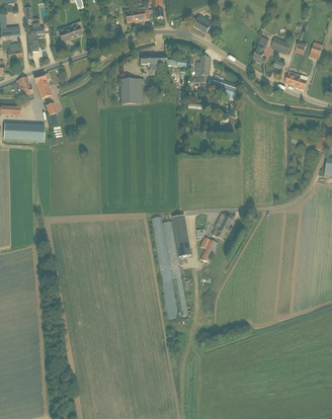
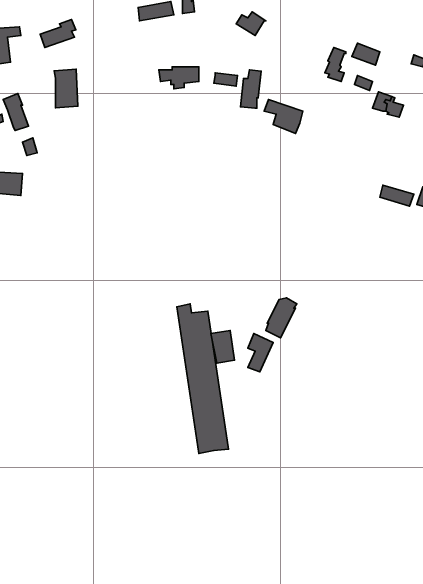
building: [120,77,137,103] -> [54,69,78,108]

